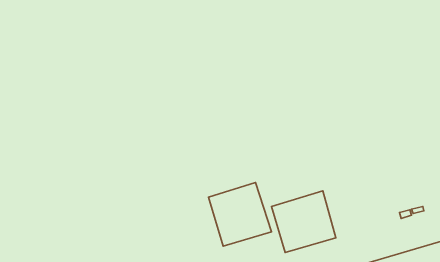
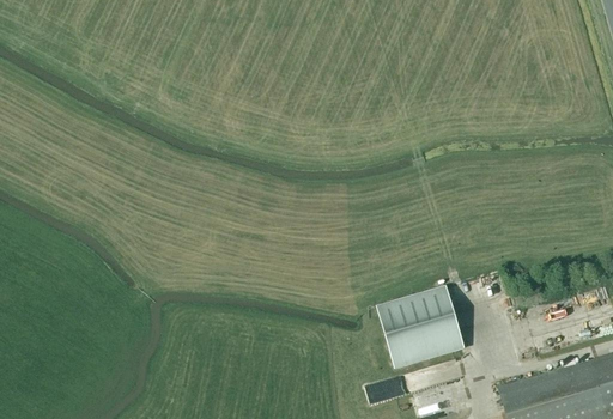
building: [208,182,272,246] -> none

